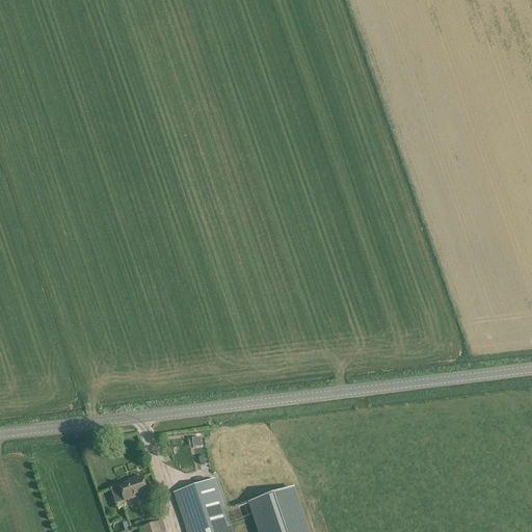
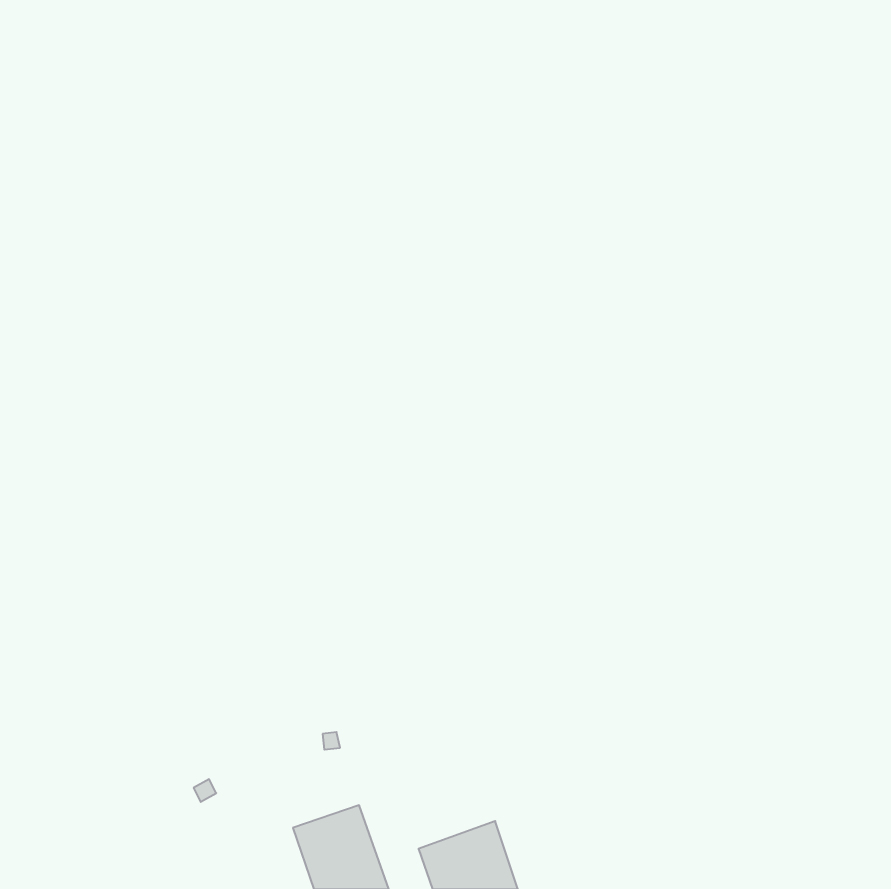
building: [119,476,148,501] -> none

